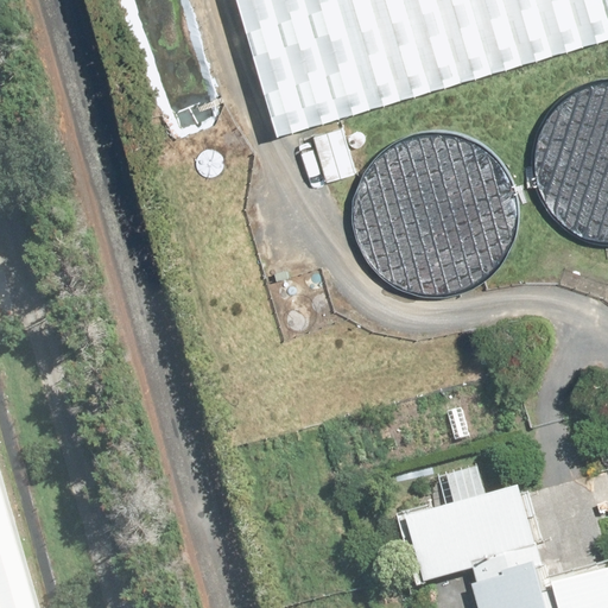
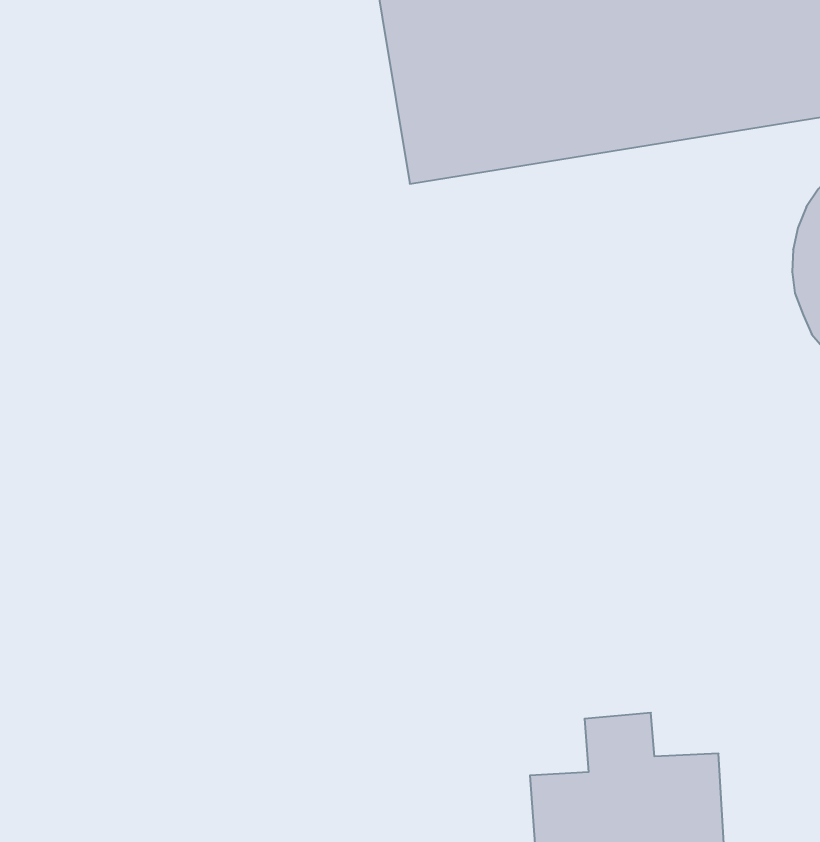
building: [353,129,515,293] -> none

